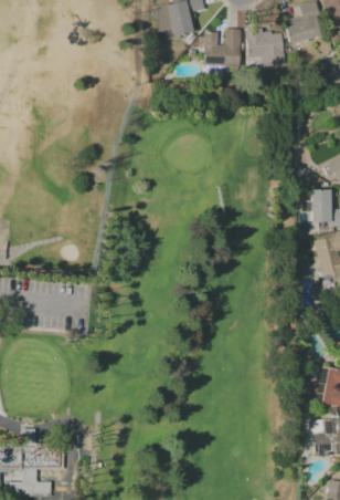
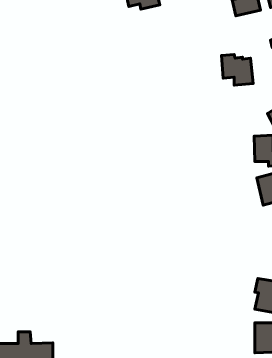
building: [204,29,242,65] -> none
building: [246,29,285,66] -> [222,54,253,85]

